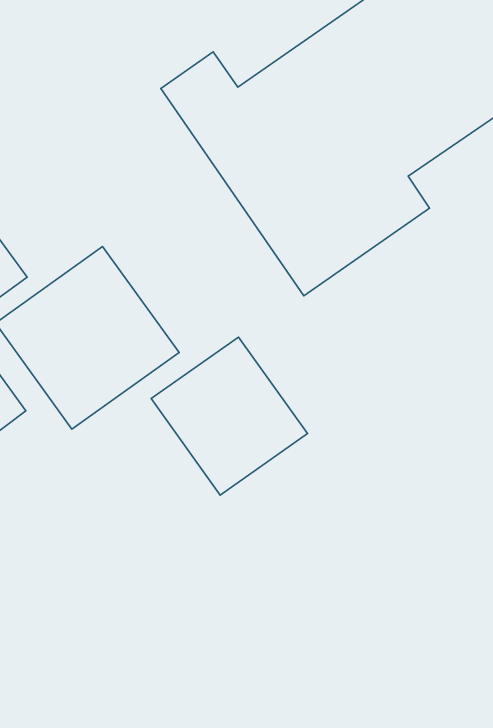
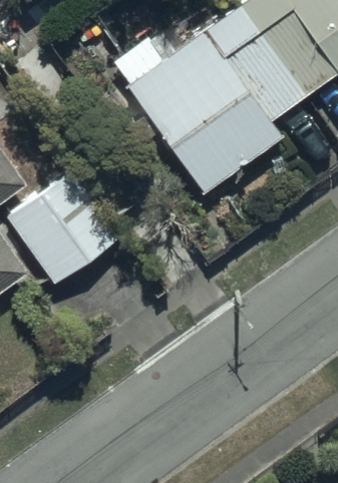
building: [151,337,307,495] -> none

